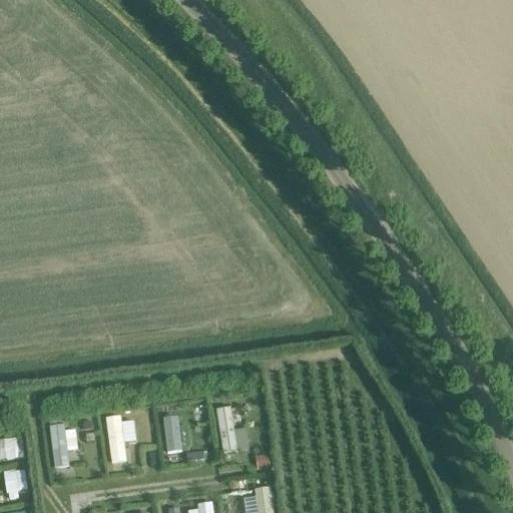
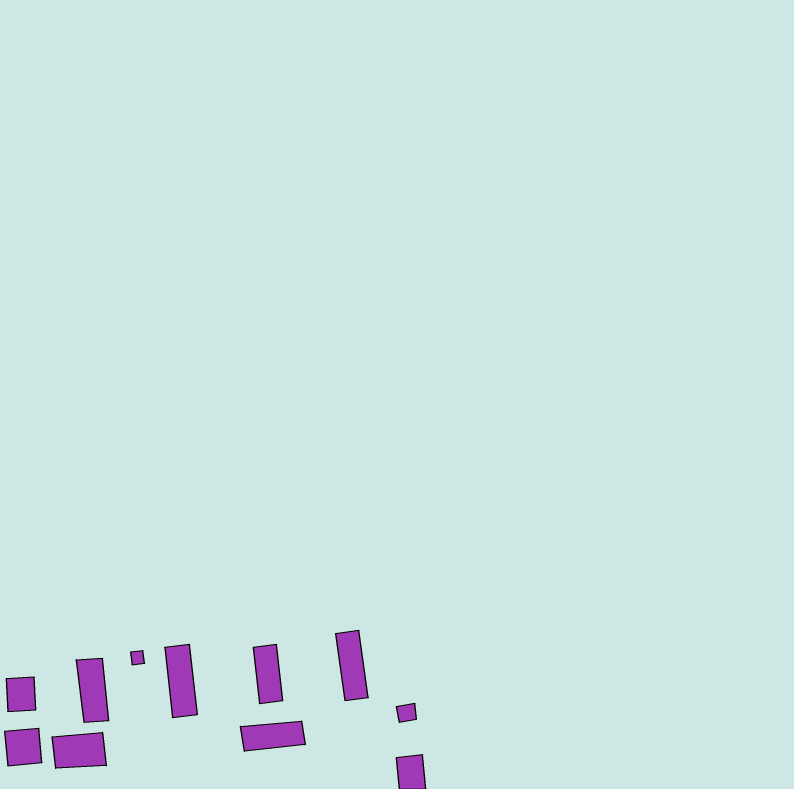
building: none -> [241,721,305,751]
building: none -> [52,732,106,768]

